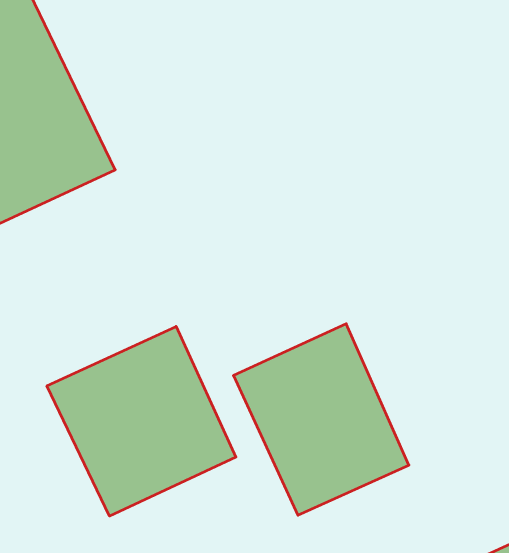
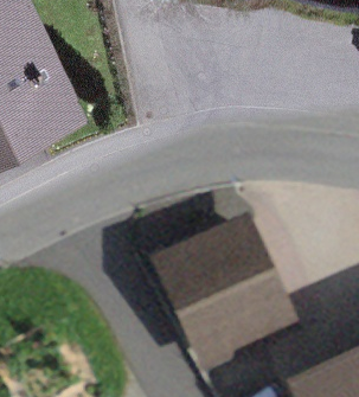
building: [47,326,236,516] -> none

